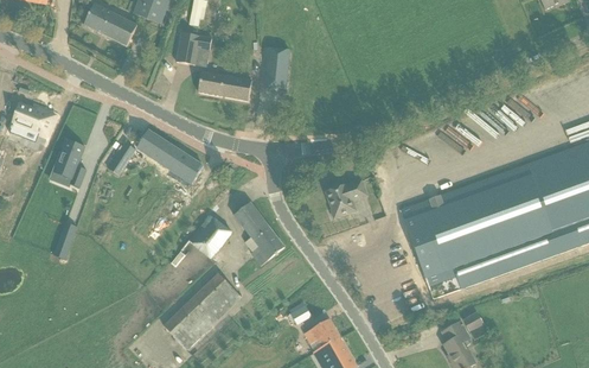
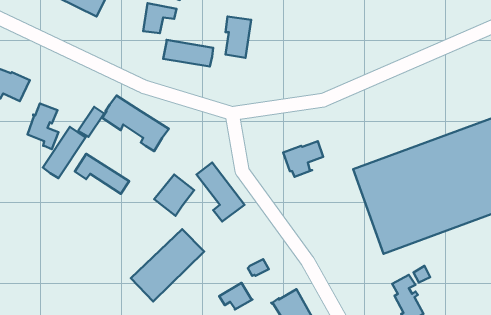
building: none -> [43,127,85,178]
building: none -> [75,154,129,194]
building: [305,319,340,348] -> [219,283,253,310]

